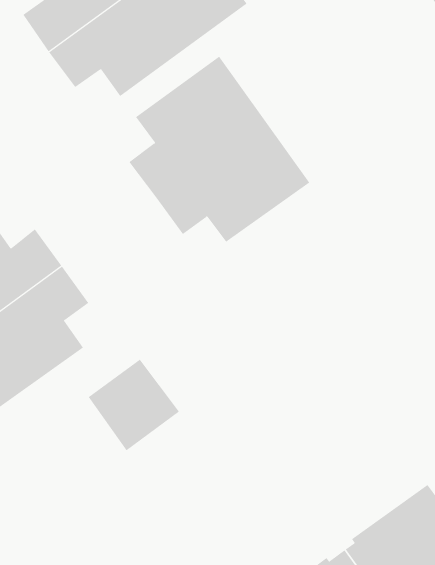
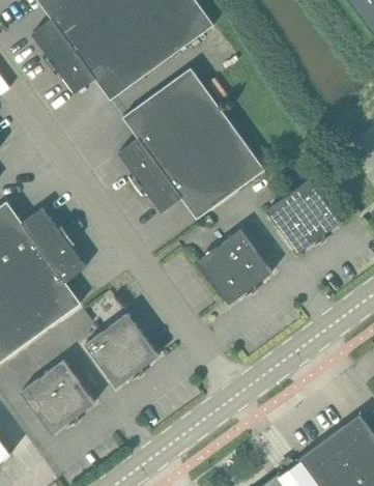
building: none -> [267,179,341,253]
building: none -> [198,230,272,304]
building: none -> [21,361,94,434]

